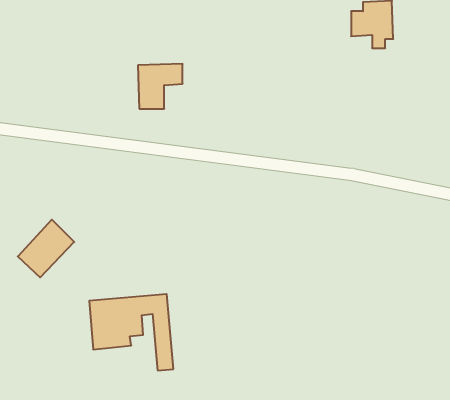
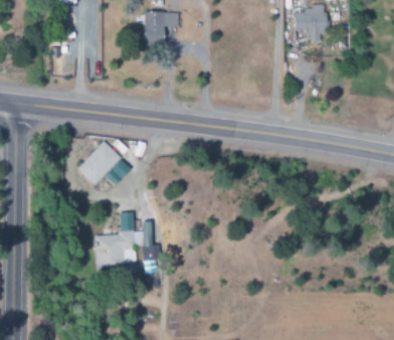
building: [138,64,183,109] -> [144,12,178,46]
building: [18,220,74,277] -> [77,141,121,185]

